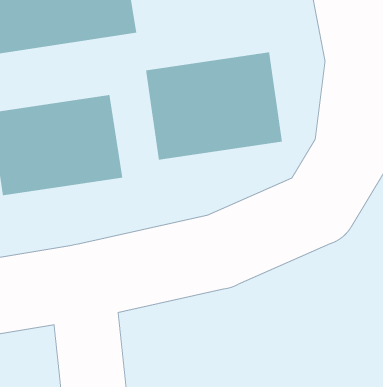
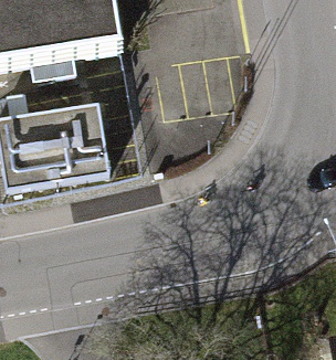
building: [145,51,283,161] -> none

